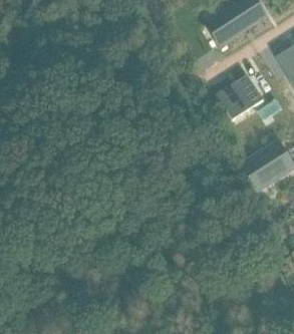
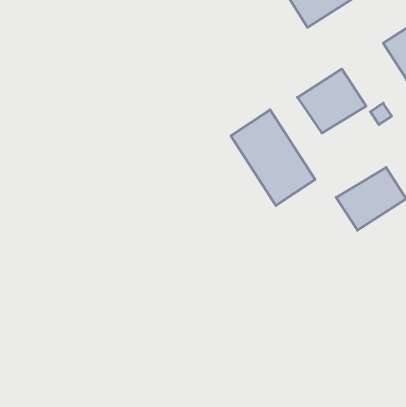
building: none -> [231,110,315,206]

